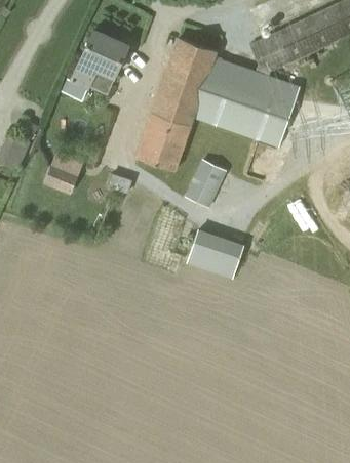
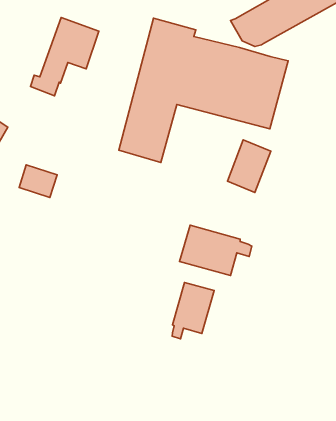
building: [185,159,227,208] -> [227,140,271,192]
building: none -> [172,282,214,339]

